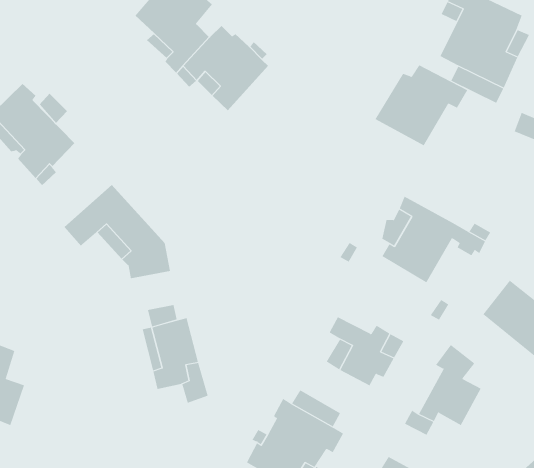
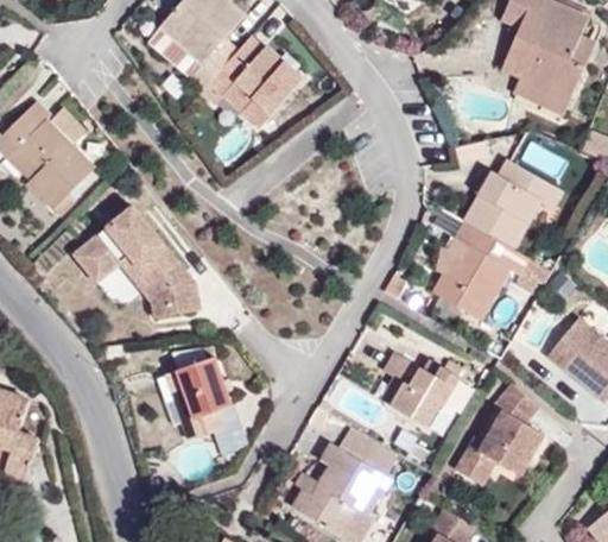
building: [375,64,468,146] -> [457,162,560,252]

